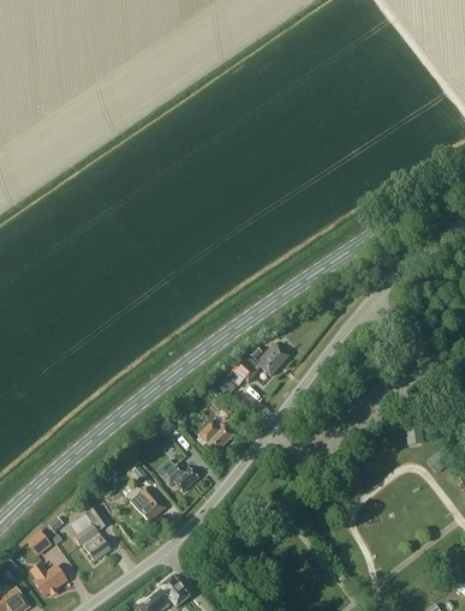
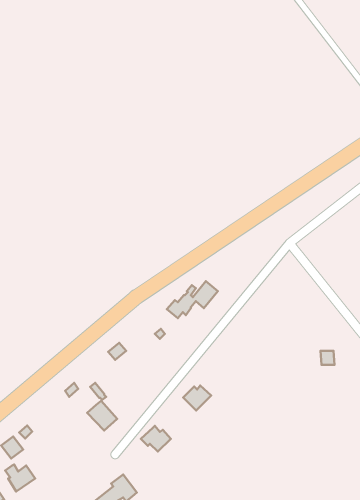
building: [201,423,234,453] -> [183,386,211,411]
building: [162,461,198,492] -> [141,426,171,452]
building: [74,505,111,561] -> none

